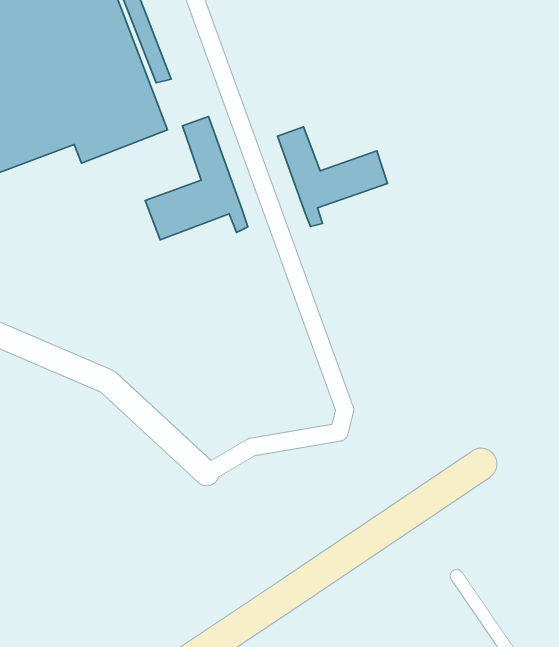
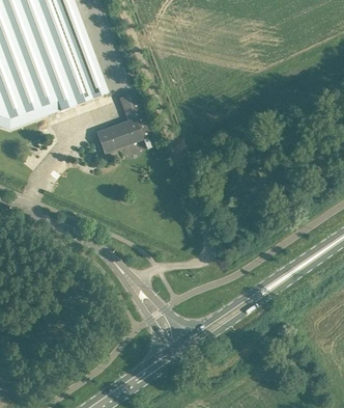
building: [277,127,388,227] -> none

